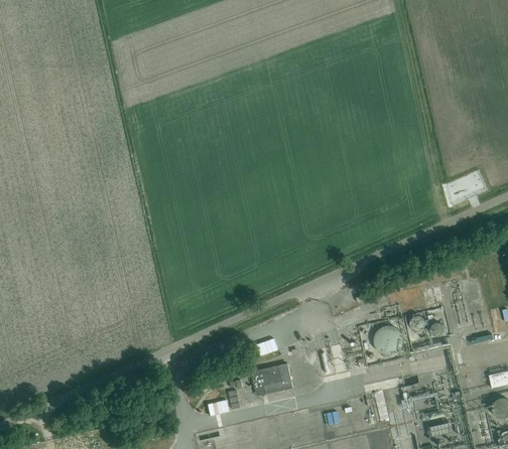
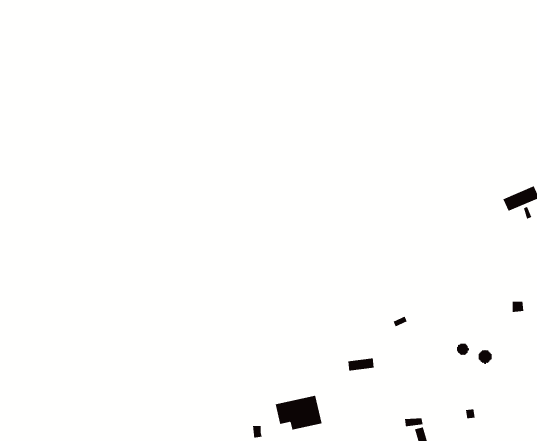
building: [374,325,399,350] -> none

